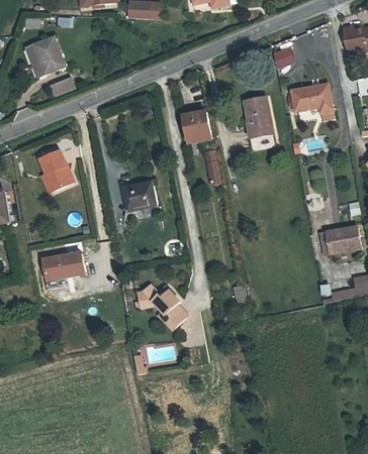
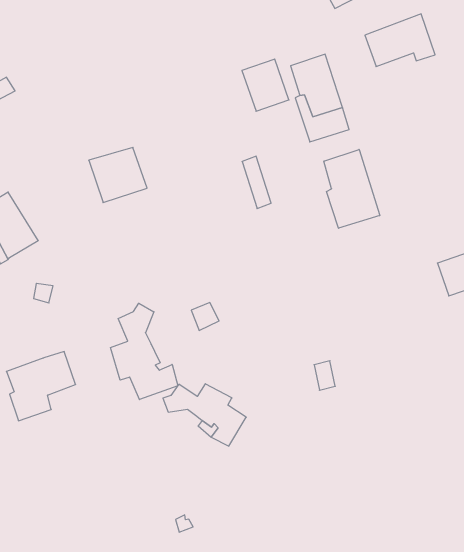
building: [187,110,213,140] -> [242,59,289,111]
building: none -> [324,149,380,228]
building: [123,182,157,213] -> [89,147,147,203]
building: none -> [111,303,178,400]

